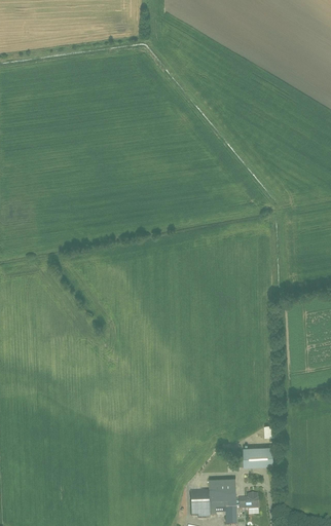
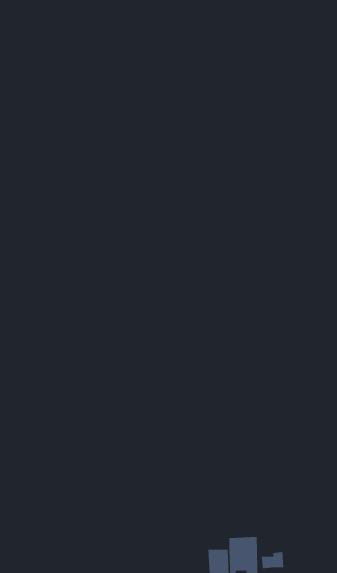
building: [243,446,273,465] -> none

